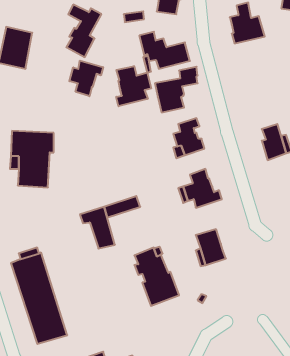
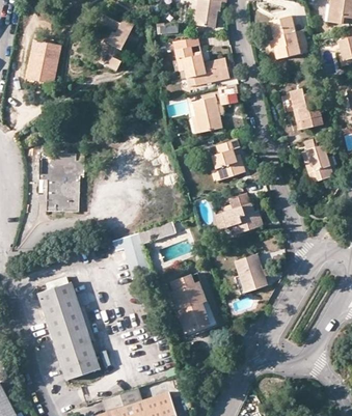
building: [69,61,103,96] -> none
building: [116,66,151,106] -> none
building: none -> [290,88,324,131]

